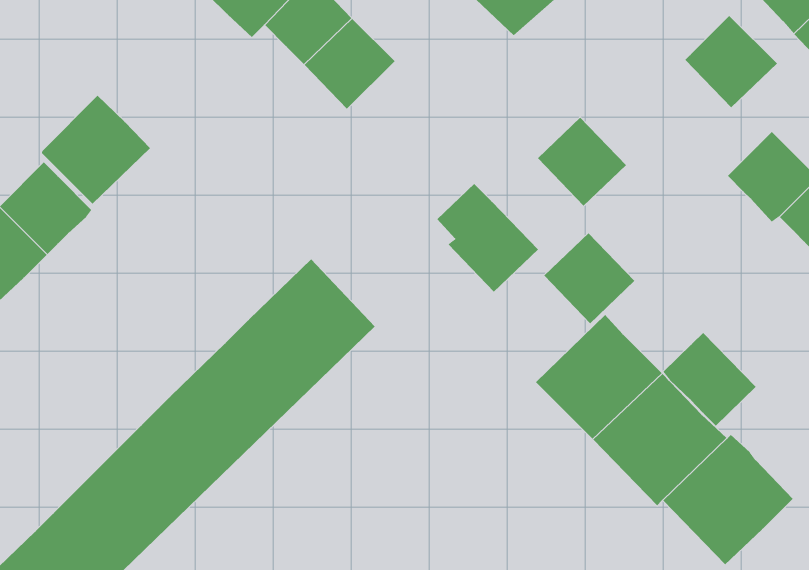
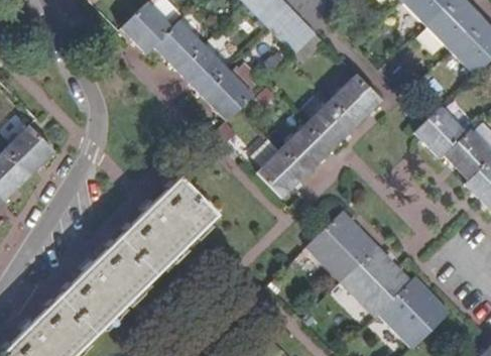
building: [684,15,778,108] -> [331,73,383,125]
building: none -> [200,67,253,120]
building: [41,95,151,204] -> none
building: [544,233,635,324] -> [281,121,333,172]
building: [662,332,756,427] -> none

